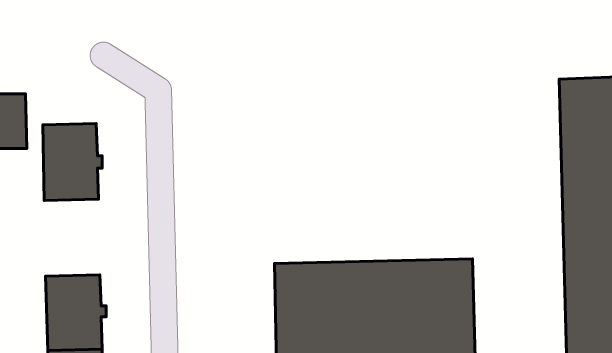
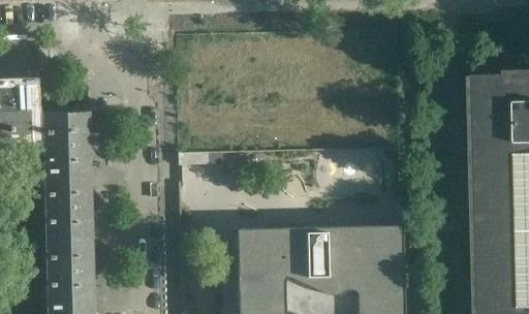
building: none -> [43,176,94,240]

